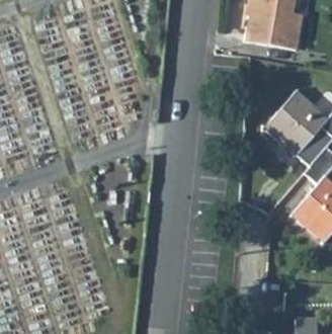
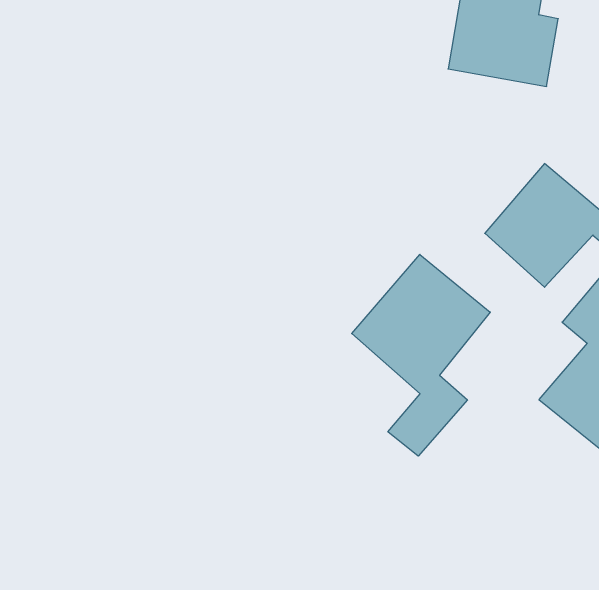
building: none -> [352,254,490,456]

